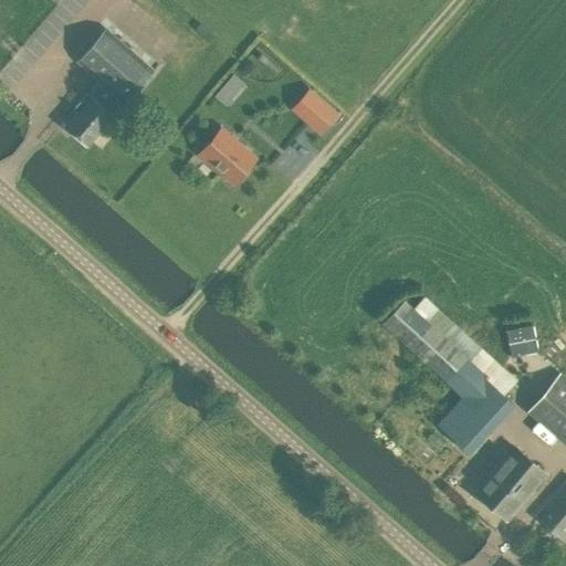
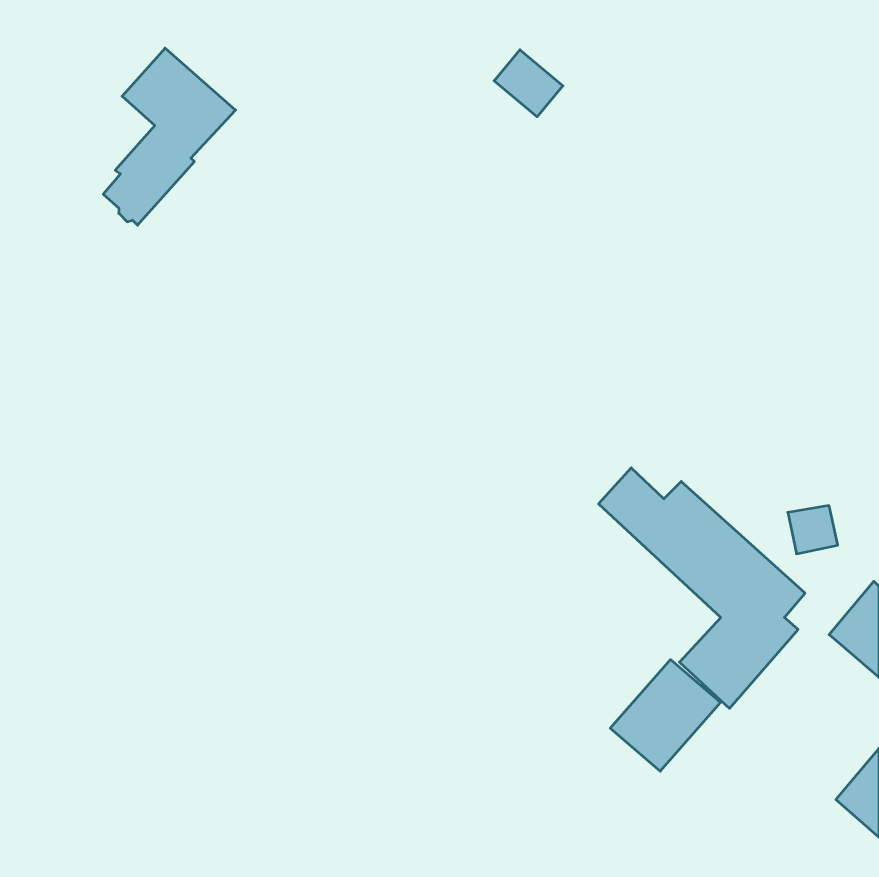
building: [291,90,335,133] -> [494,50,563,117]
building: [198,129,255,185] -> none
building: [475,448,546,520] -> [610,660,720,771]

